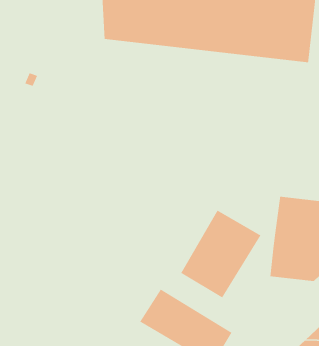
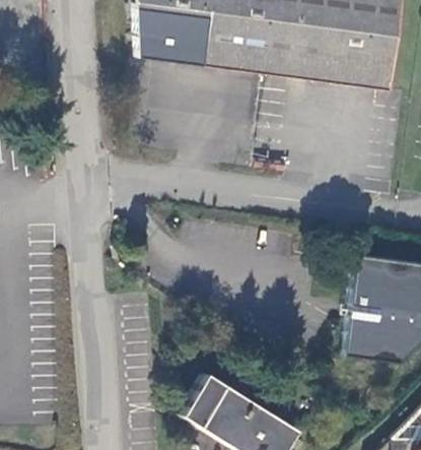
building: [180,209,262,299] -> none

